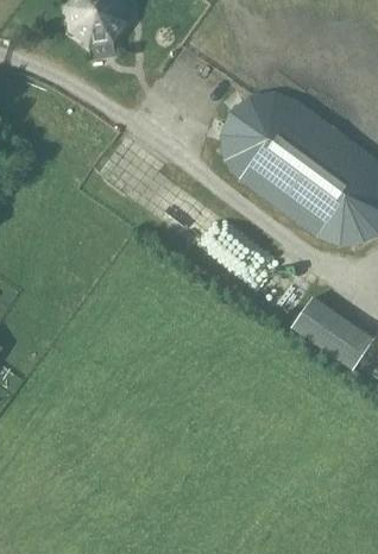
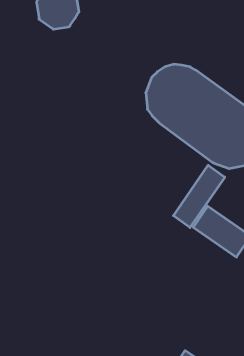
building: none -> [173,165,225,228]

